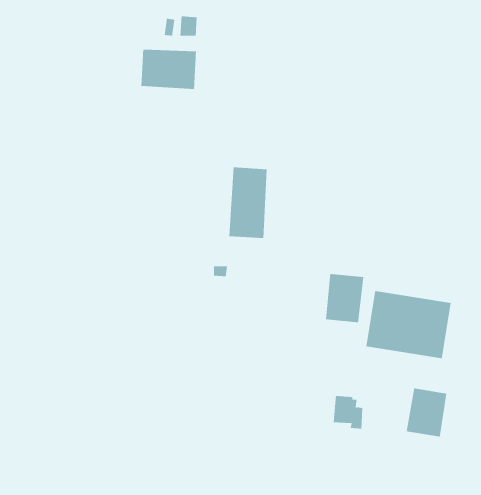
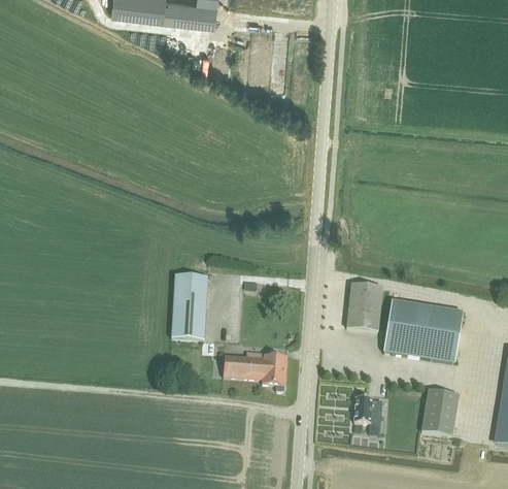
building: [141,49,196,90] -> none
building: [228,167,268,239] -> [171,273,207,339]
building: none -> [223,354,286,390]

